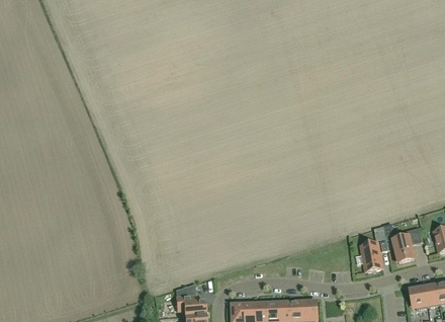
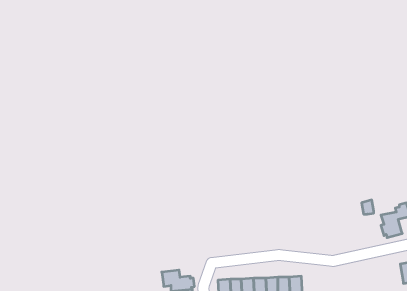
building: [361,240,383,269] -> none

